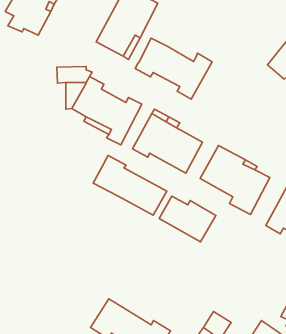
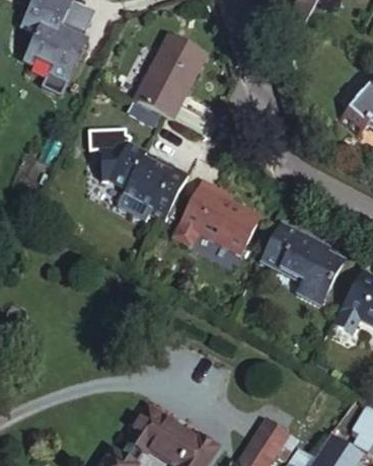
building: [135,38,212,99] -> none
building: [93,155,167,215] -> none
building: [159,196,216,242] -> none

